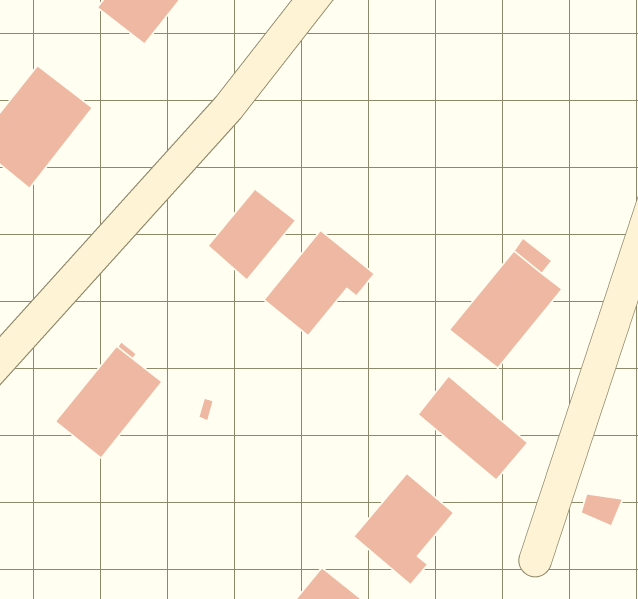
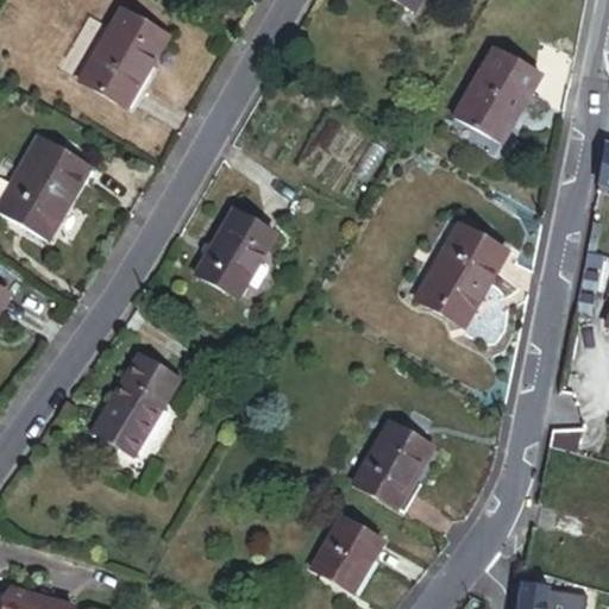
building: none -> [447,48,533,144]
building: [264,230,375,336] -> none
building: [418,376,528,480] -> none

